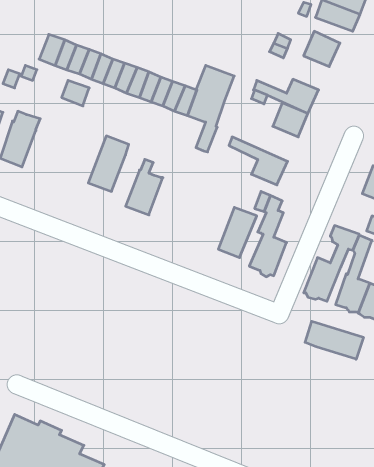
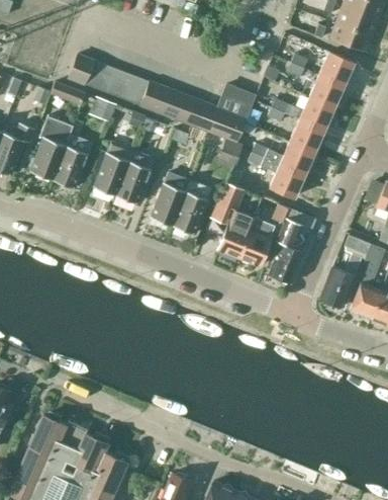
building: none -> [309,75,344,107]
building: none -> [53,141,91,188]
building: none -> [252,142,314,175]
building: none -> [94,143,132,195]
building: none -> [173,180,211,234]
building: none -> [210,181,254,258]
building: [305,321,363,359] -> none

